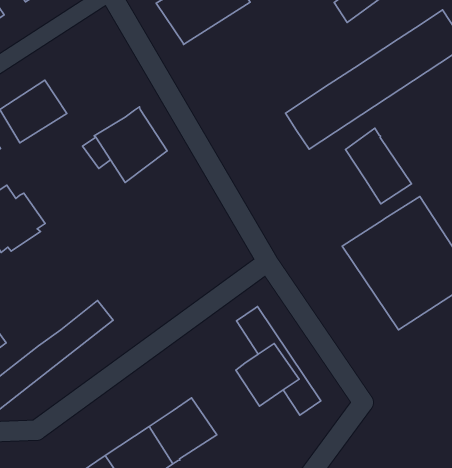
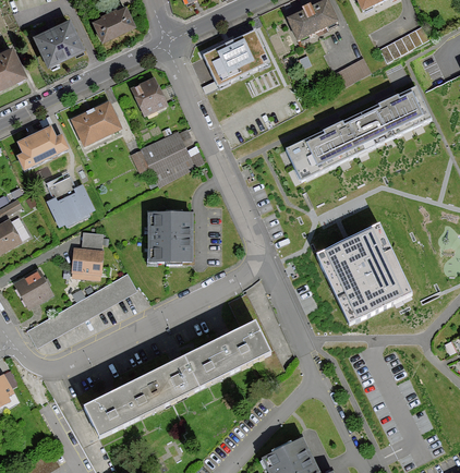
building: none -> [131,77,168,117]
building: [345,128,412,204] -> none
building: none -> [148,213,194,263]
building: none -> [72,232,102,279]
building: none -> [187,339,238,386]

